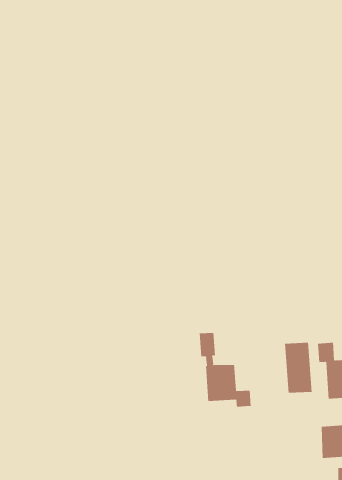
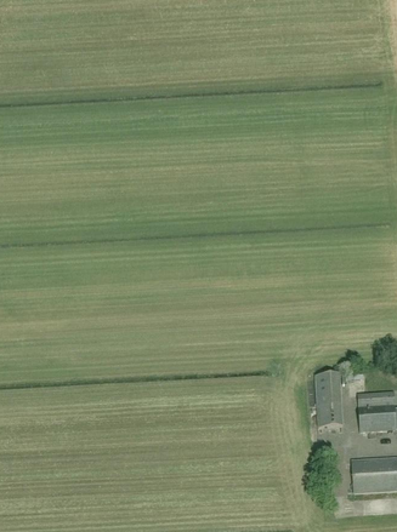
building: [199,332,251,407] -> none

